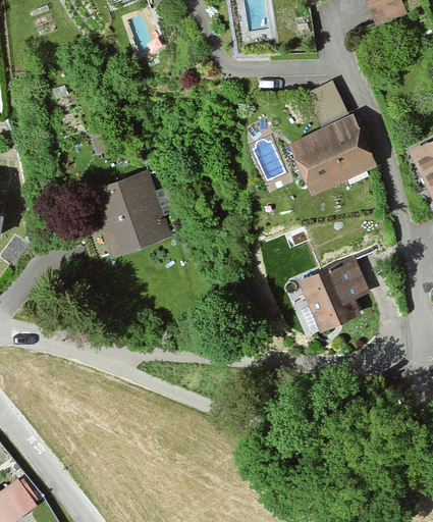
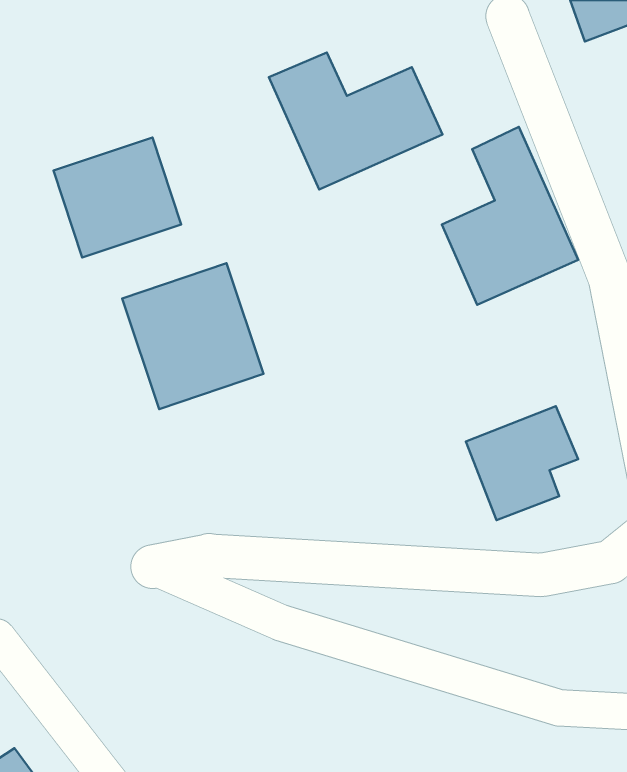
building: none -> [269,53,442,190]
building: none -> [53,137,181,257]

